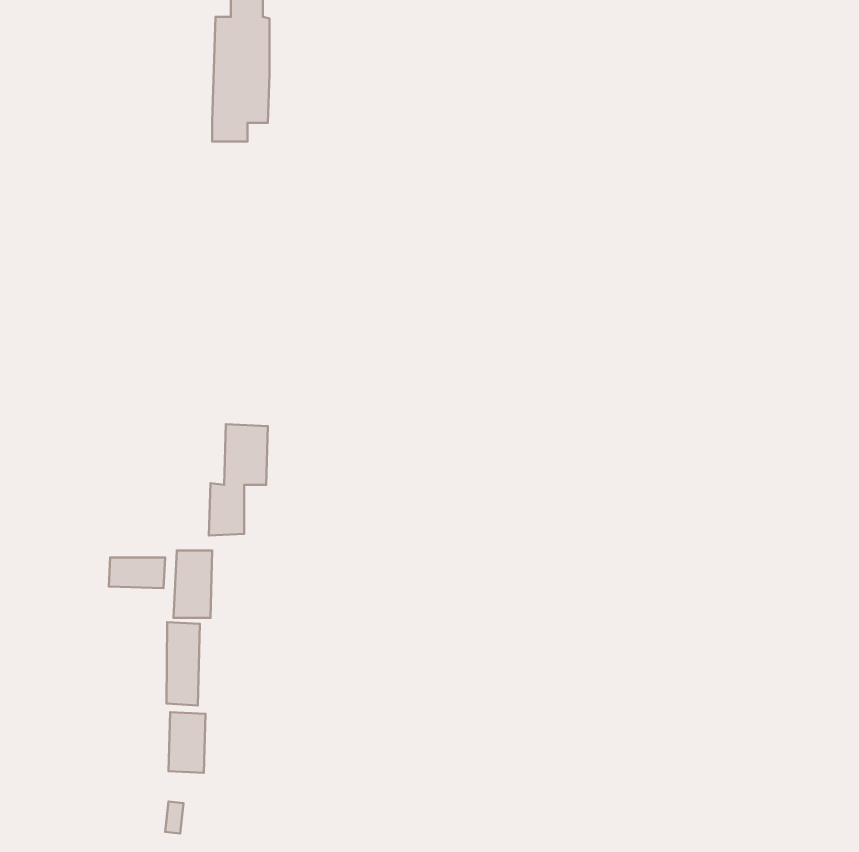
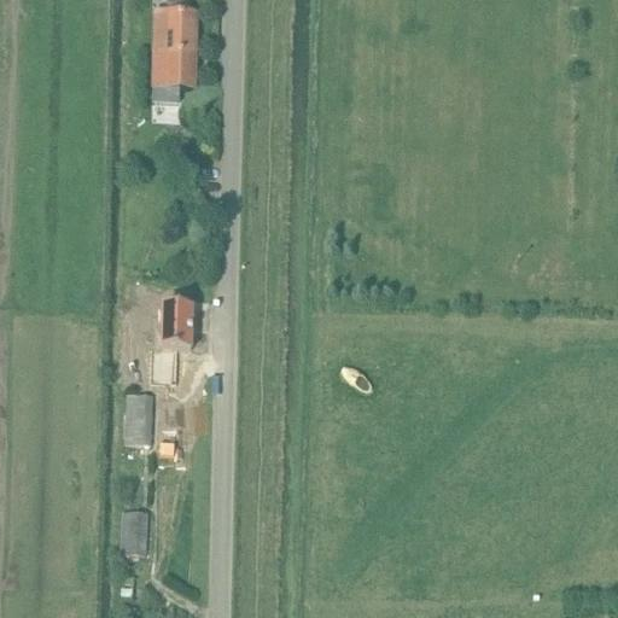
building: [109,558,165,588] -> none
building: [167,622,200,705] -> none

